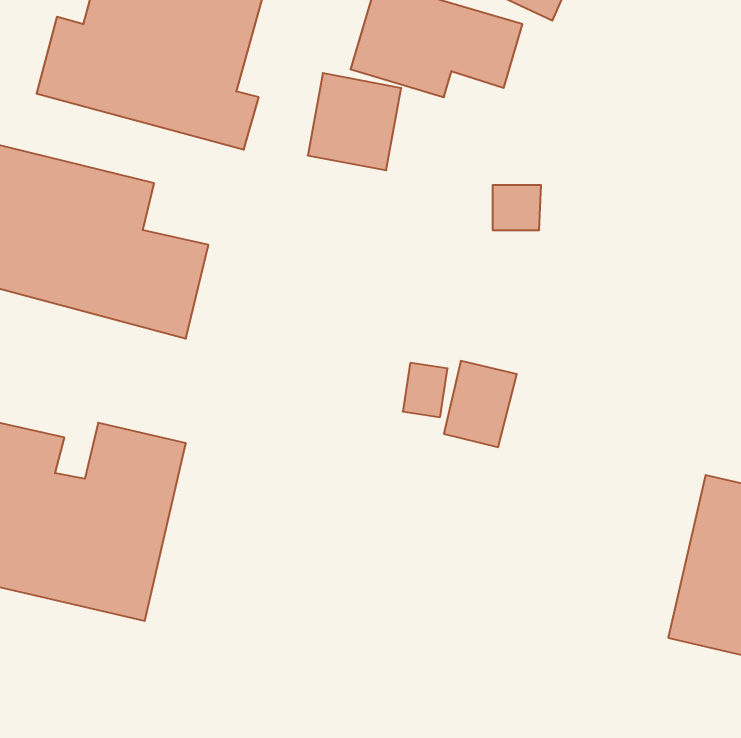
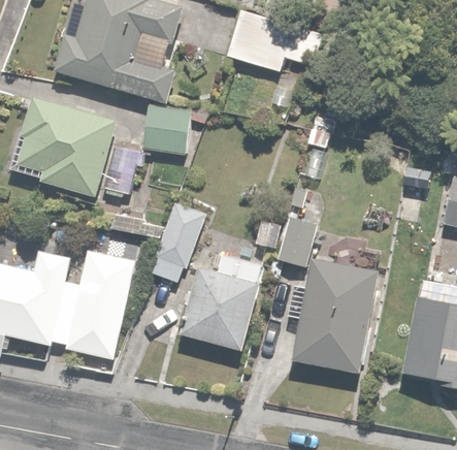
building: [308,73,401,170] -> [141,101,193,155]
building: none -> [149,201,207,286]
building: none -> [178,254,265,353]
building: none -> [286,261,381,375]

